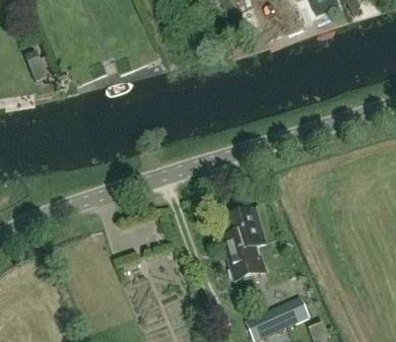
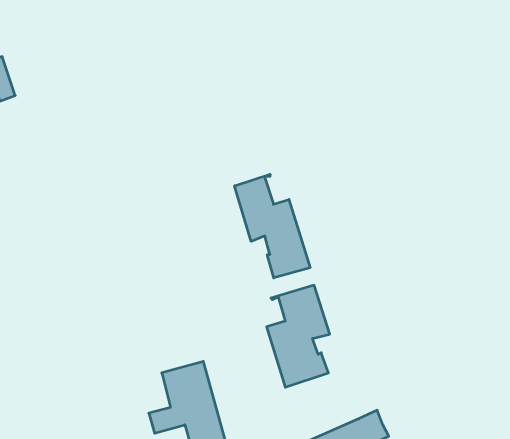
building: none -> [235,174,310,278]

